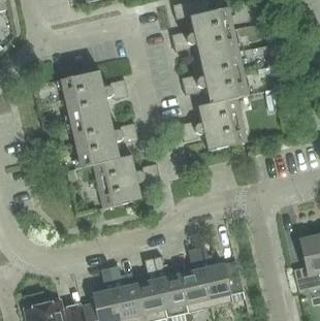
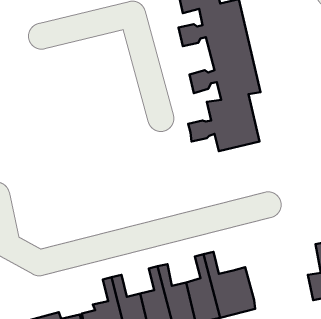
building: [62,70,162,208] -> none

